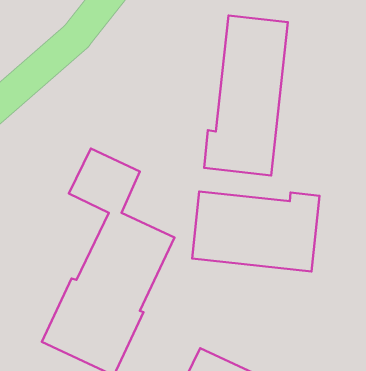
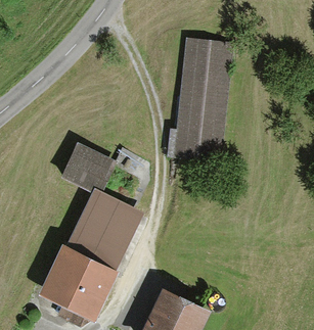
building: [192,192,319,272] -> none

